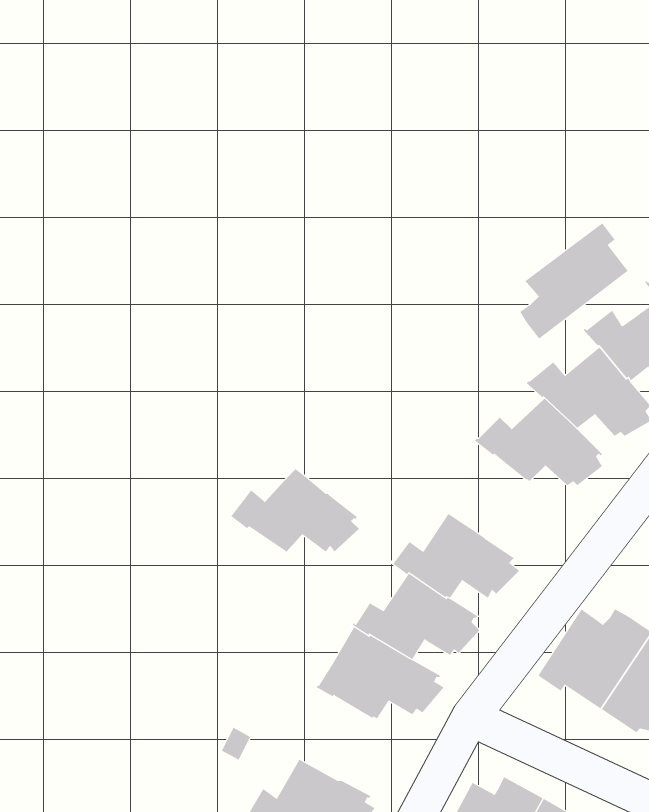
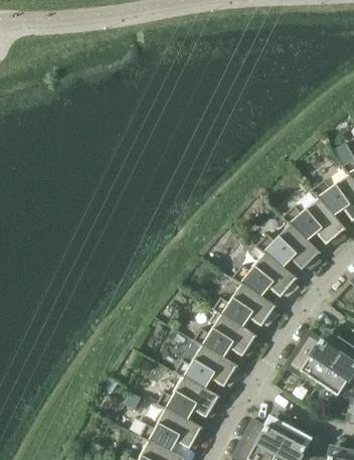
building: [519,222,629,340] -> none
building: [229,468,360,553] -> [232,253,299,296]
building: none -> [157,375,222,419]

